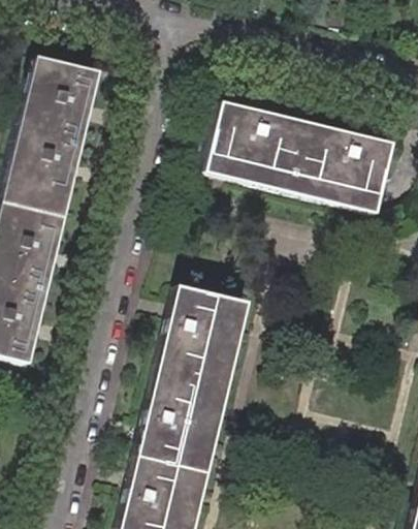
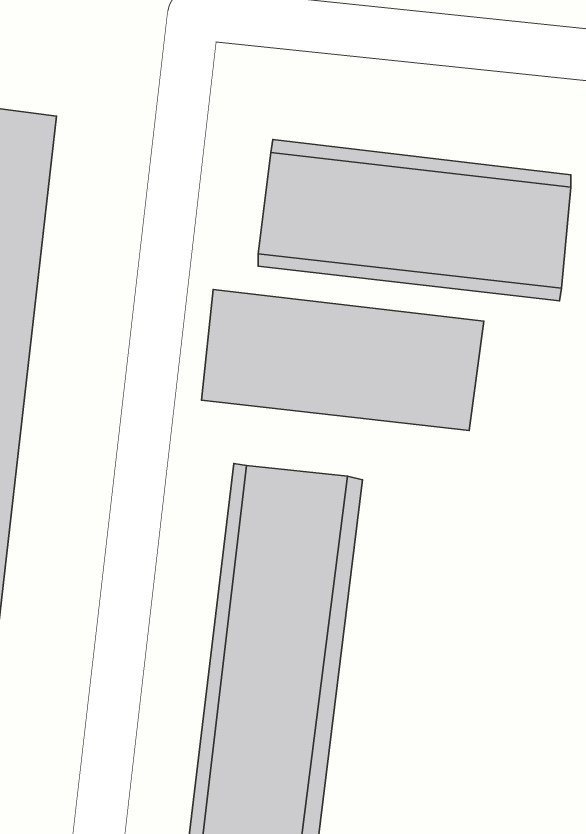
building: none -> [201,290,484,430]

